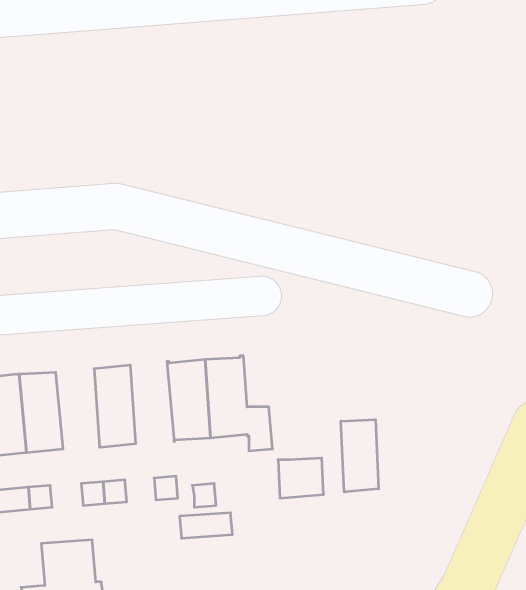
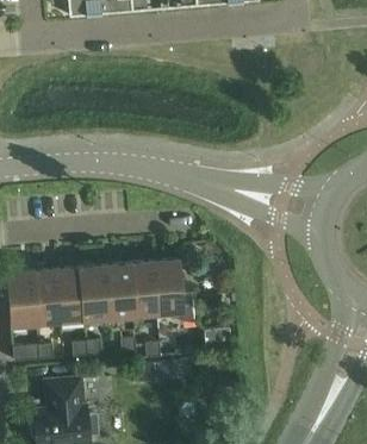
building: none -> [105,263,133,317]
building: none -> [56,268,85,320]
building: [341,420,379,492] -> none

